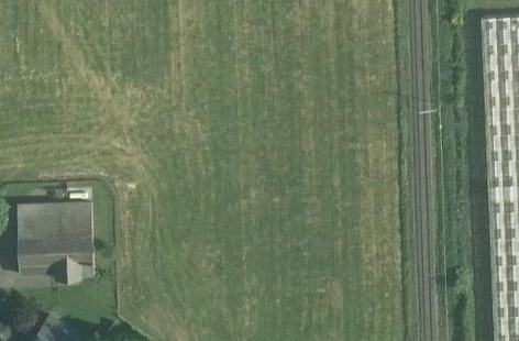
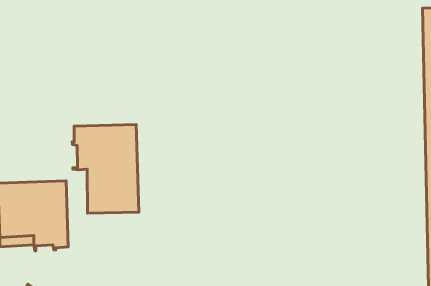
building: none -> [72,124,139,213]

